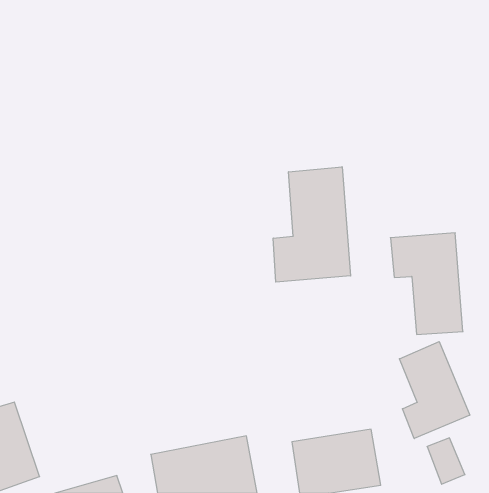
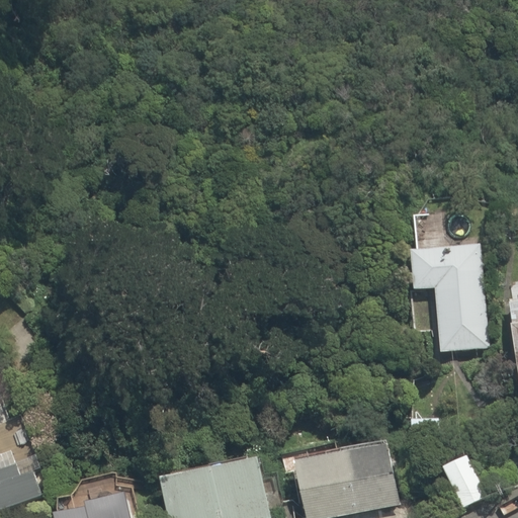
building: [273,167,351,282] -> none
building: [399,342,470,439] -> none

